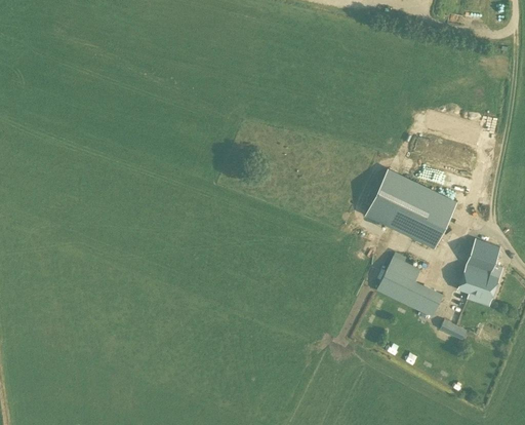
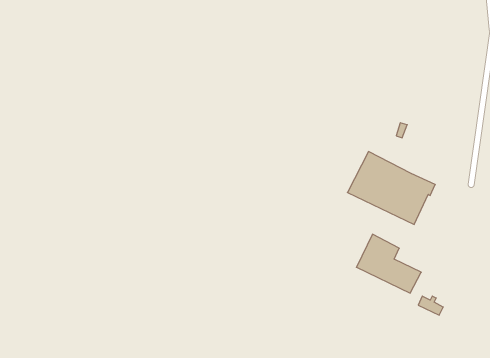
building: [457,238,502,300] -> none

